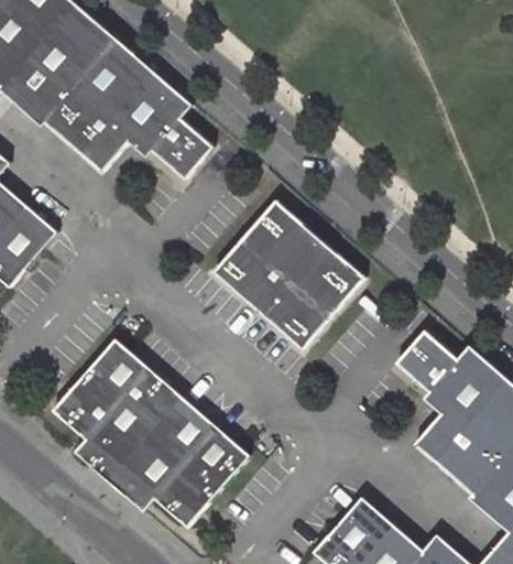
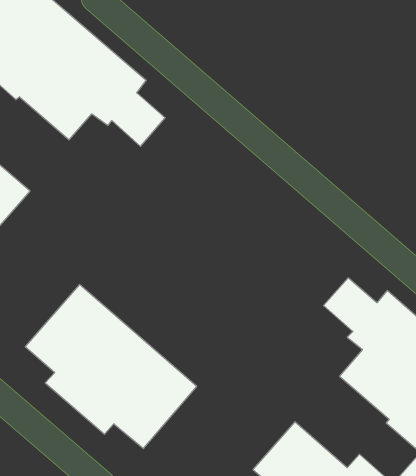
building: [212,199,365,349] -> none

